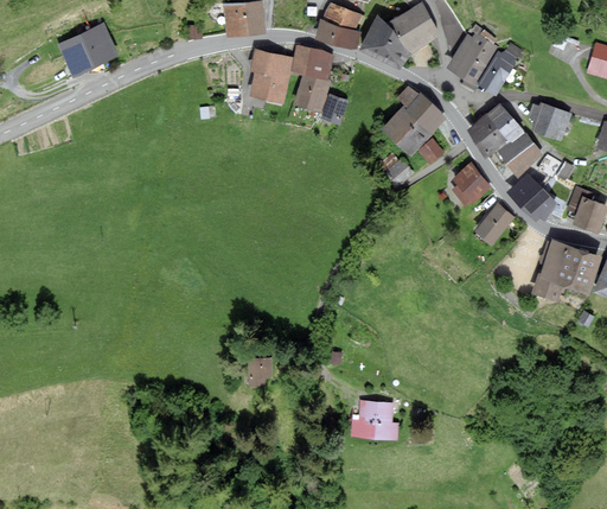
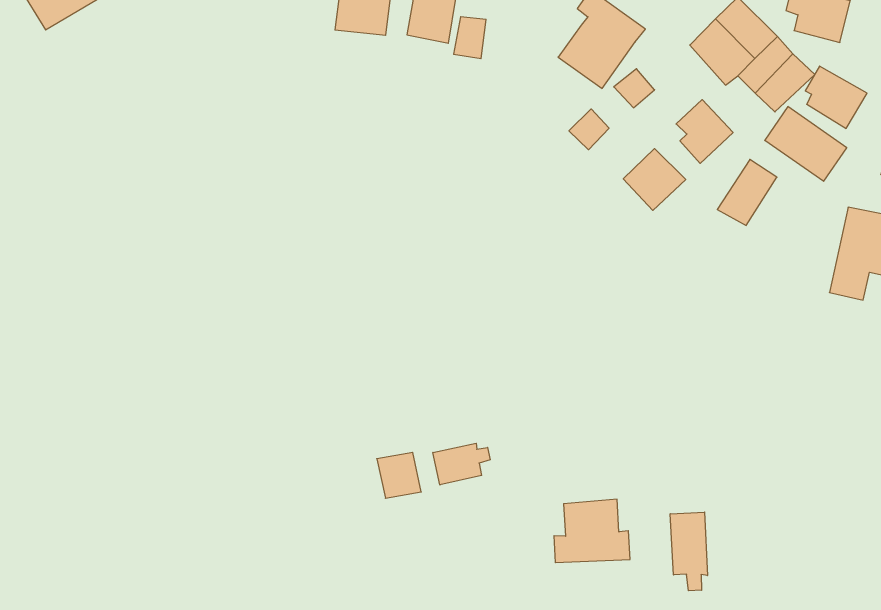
building: none -> [623,149,686,210]
building: none -> [433,443,490,485]
building: none -> [670,512,707,591]

